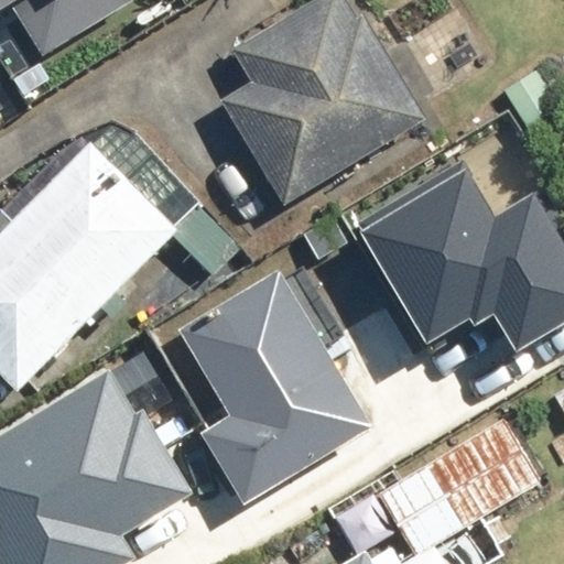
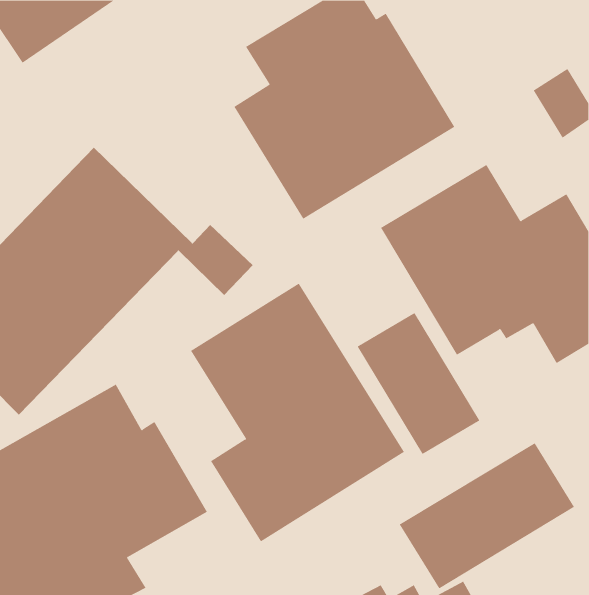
building: none -> [357,312,480,455]

